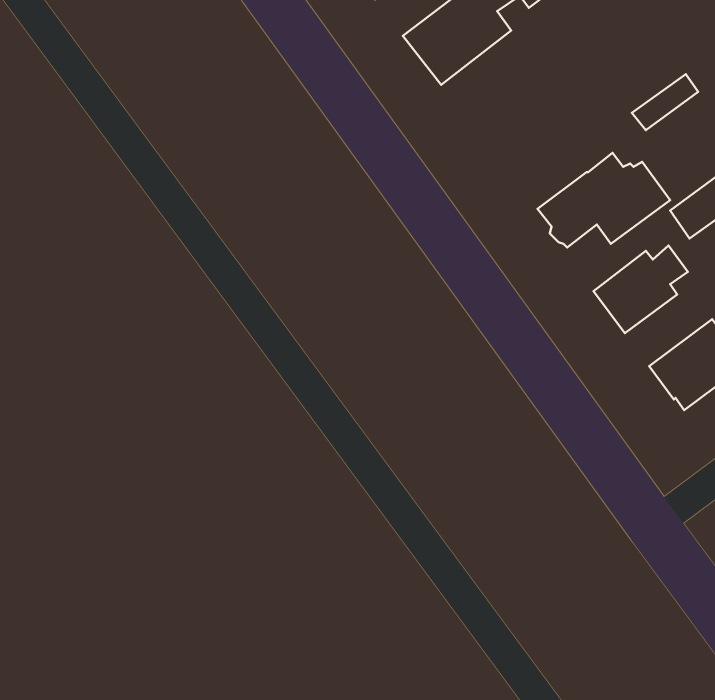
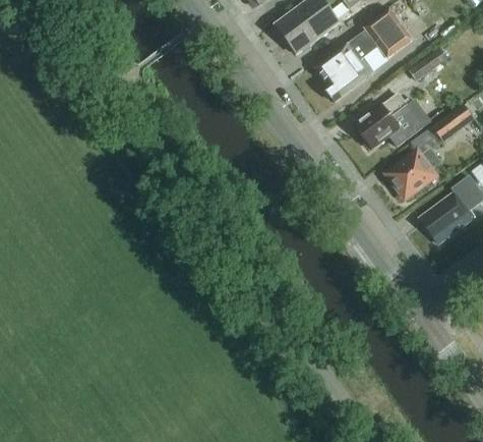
building: none -> [315,13,410,101]

